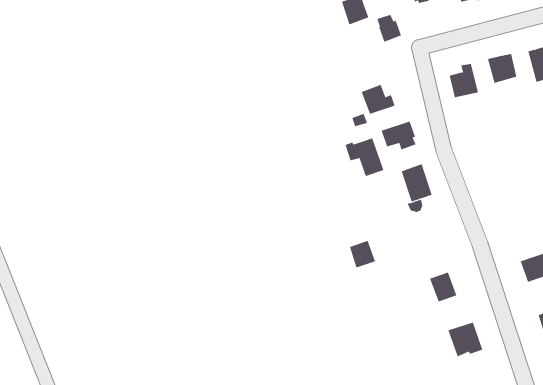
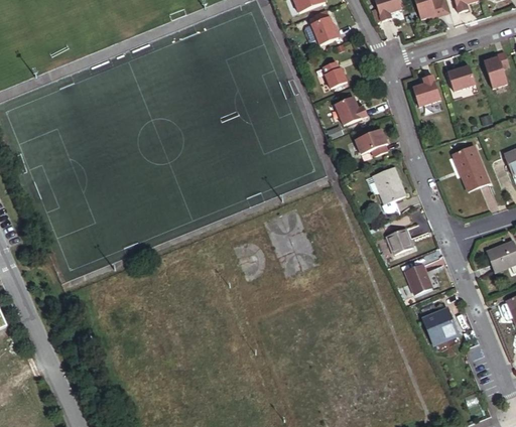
building: [376,14,402,42] -> [321,61,346,88]
building: [345,137,384,177] -> none
building: none -> [452,145,489,190]
building: [349,240,376,268] -> [388,229,413,255]

